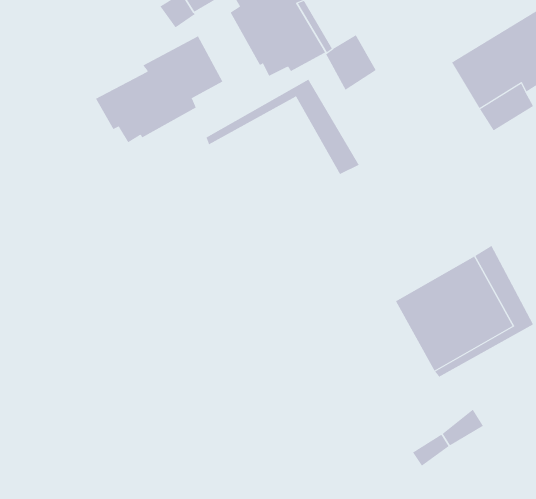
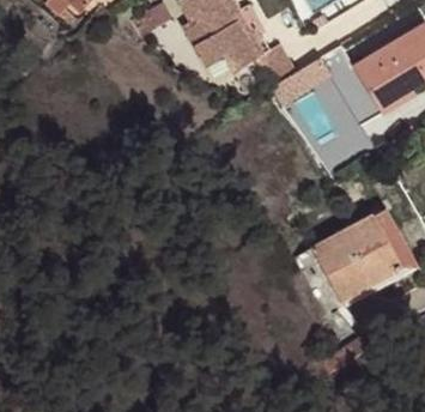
building: [95,35,223,143] -> none
building: [206,79,360,175] -> none

